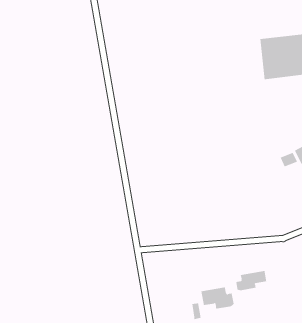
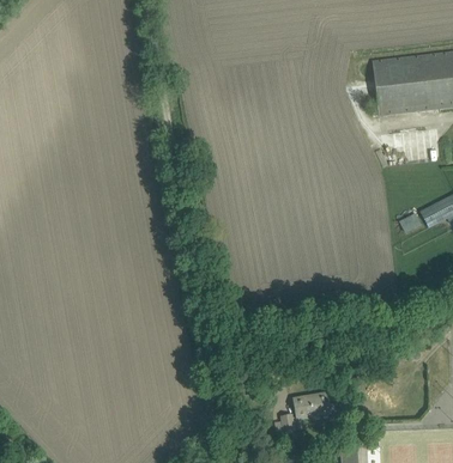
building: [236,270,267,291] -> none

